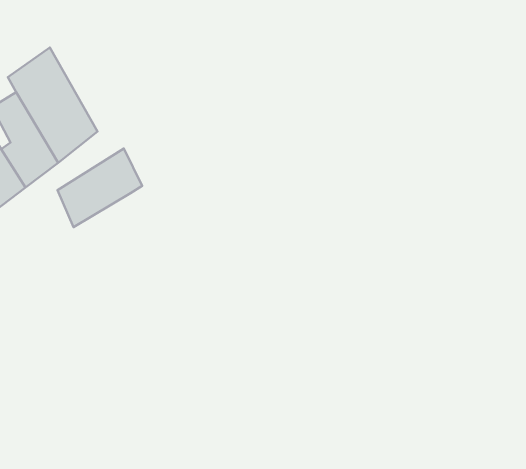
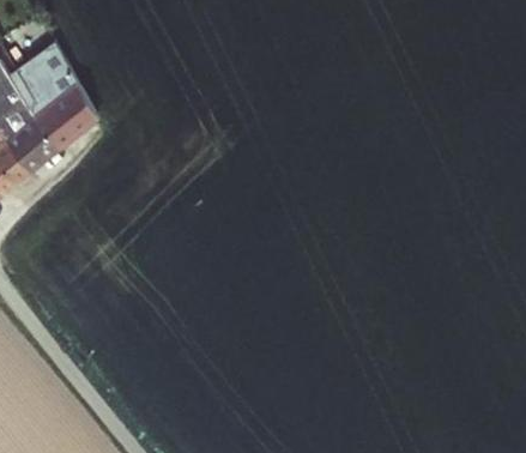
building: [58,149,142,227] -> none

